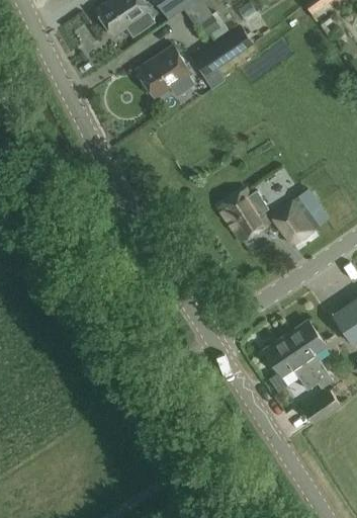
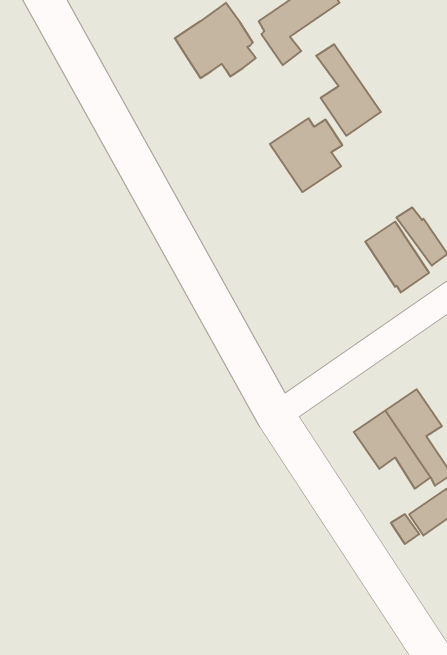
building: none -> [316,44,381,136]
building: [218,189,270,242] -> [270,118,342,192]

